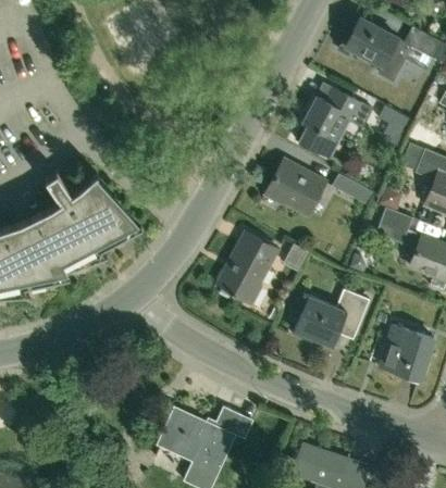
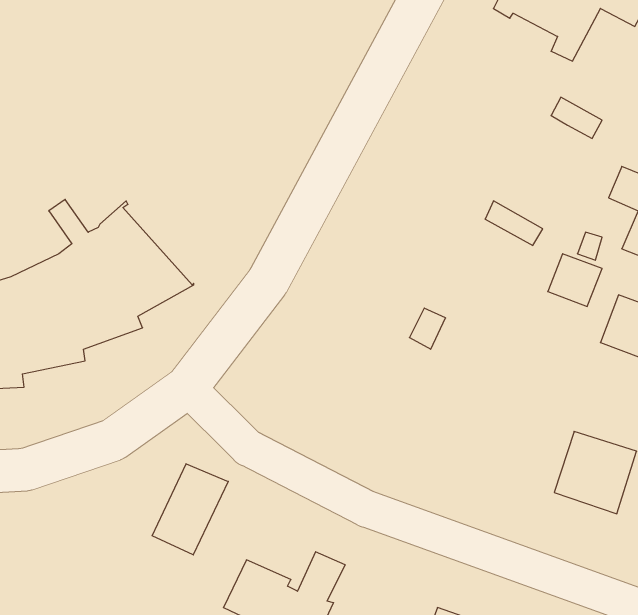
building: [297,90,371,159] -> none
building: [265,160,325,216] -> none
building: [218,232,277,303] -> none
building: [293,290,369,348] -> none
building: none -> [152,464,228,555]

